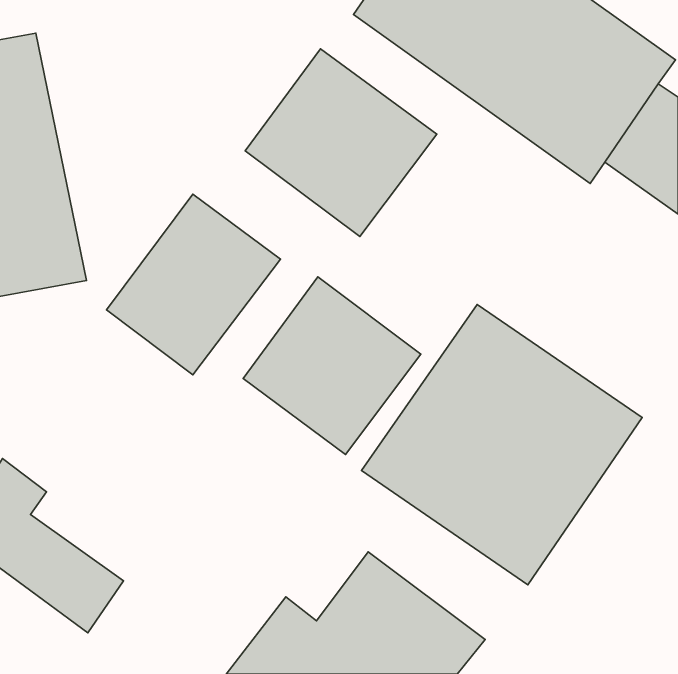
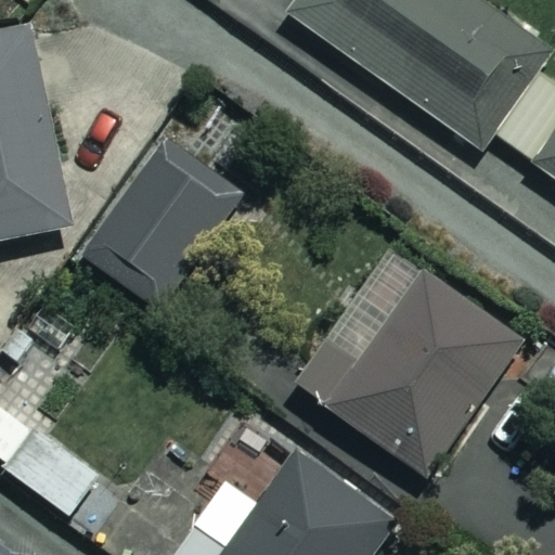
building: [245,49,437,237] -> none
building: [243,277,421,455] -> none

